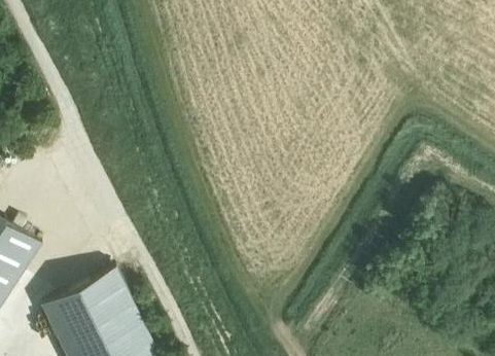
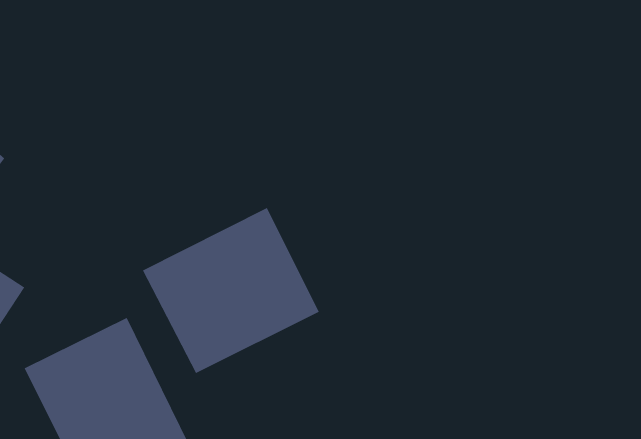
building: none -> [142,207,320,374]

